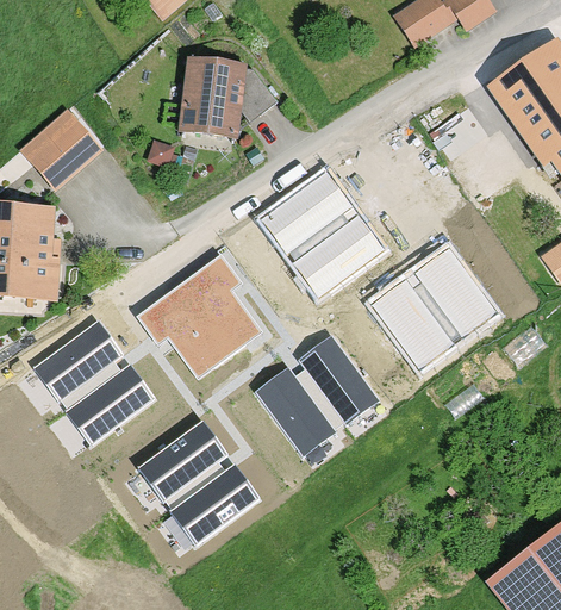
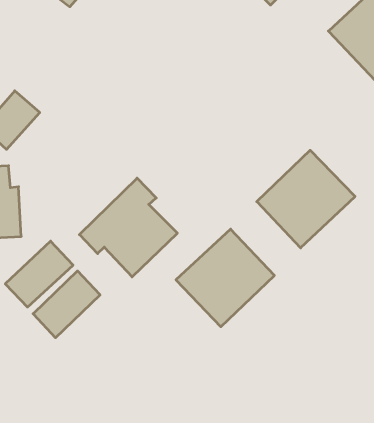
building: [180,62,253,147] -> none
building: [260,168,382,294] -> none
building: [136,418,225,499] -> none
building: [168,462,257,543] -> none

